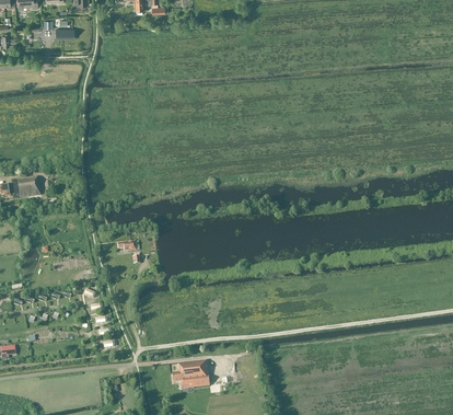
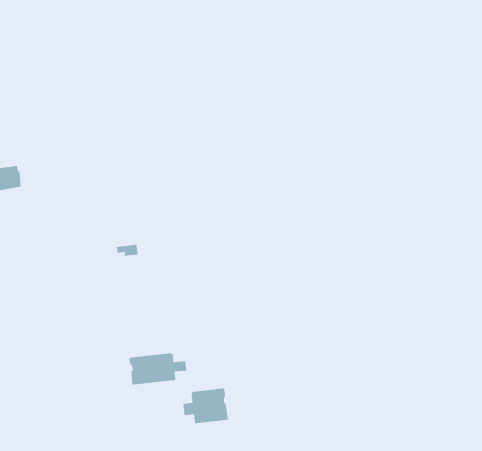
building: none -> [129,352,187,386]

